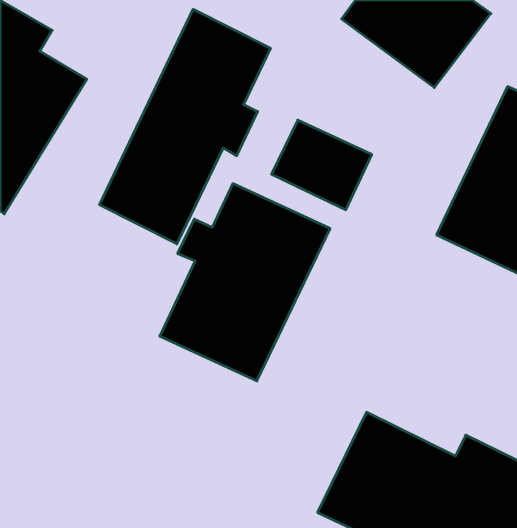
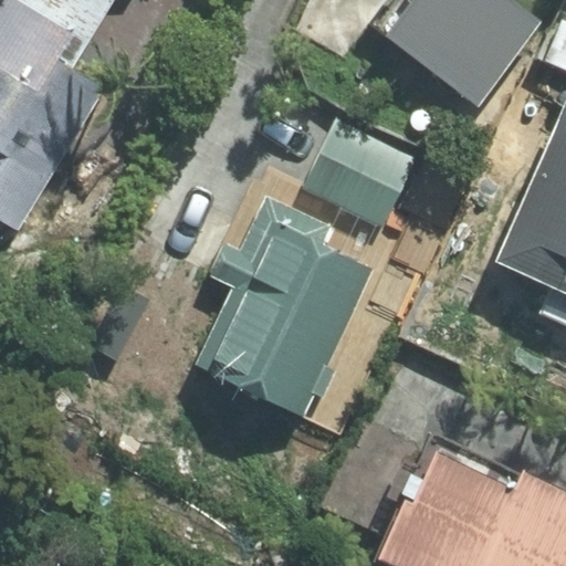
building: [100,9,270,244] -> none

